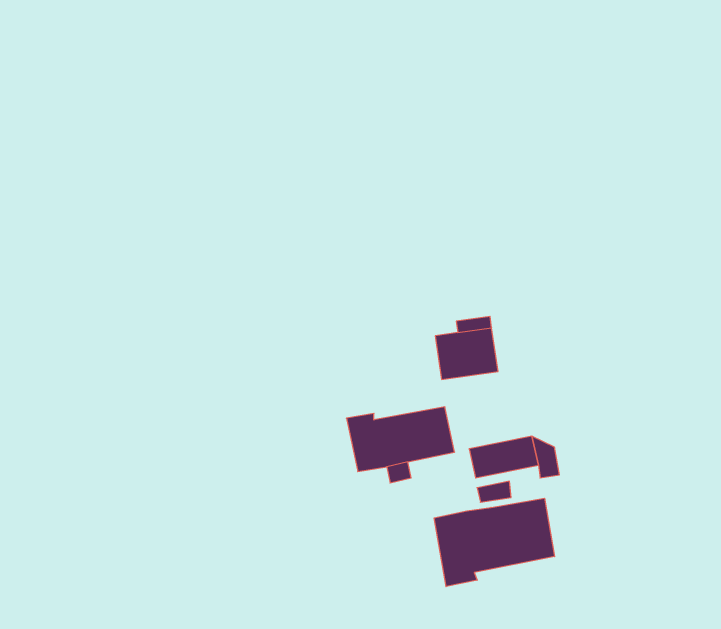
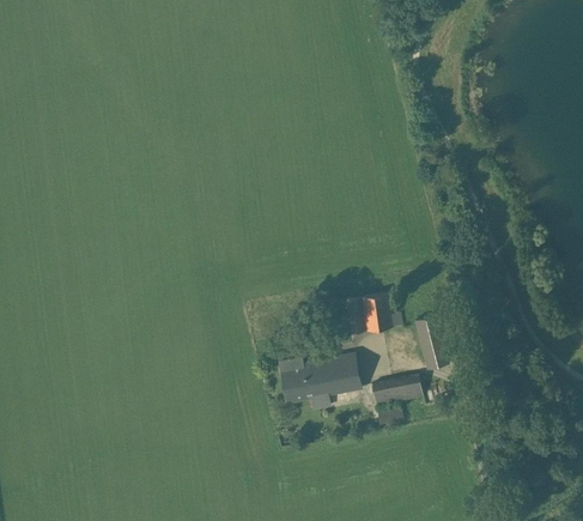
building: none -> [414,315,448,369]
building: [434,498,555,587] -> none

